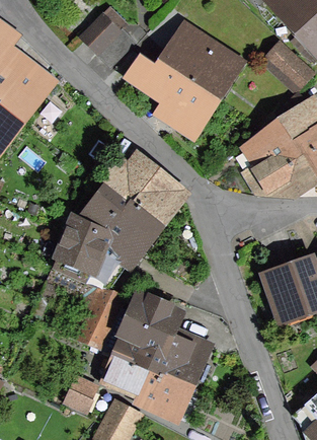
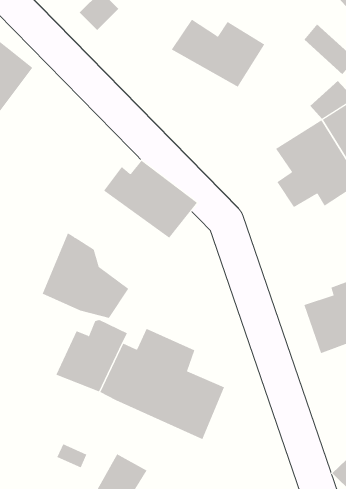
building: [130,57,216,133] -> none
building: [81,187,159,265] -> none
building: [105,357,186,417] -> none

